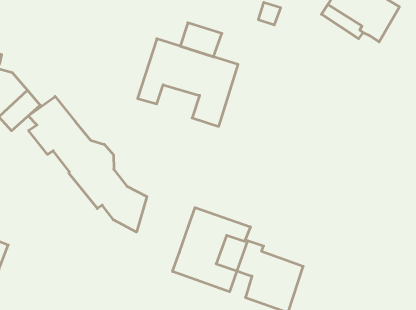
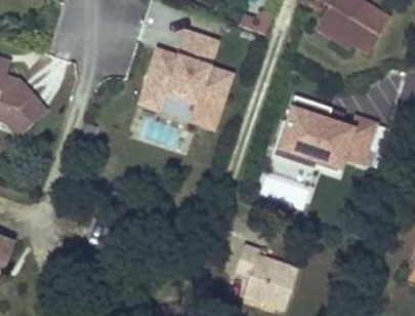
building: none -> [268,94,373,169]
building: [28,96,147,232] -> none
building: [173,208,250,292] -> none

